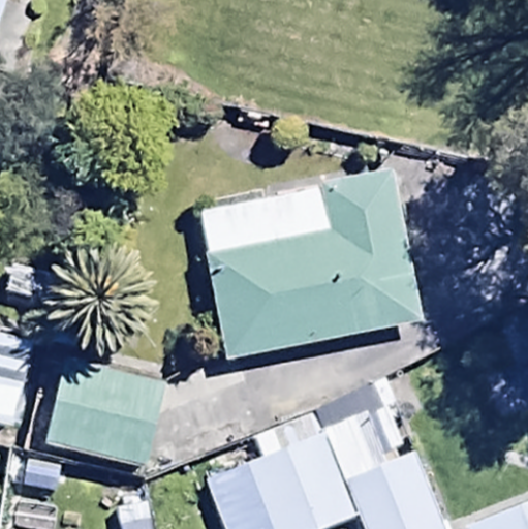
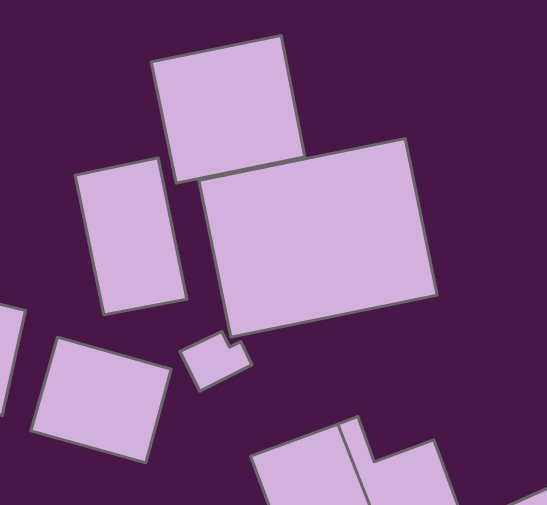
building: none -> [151,36,305,183]
building: none -> [75,158,187,315]

